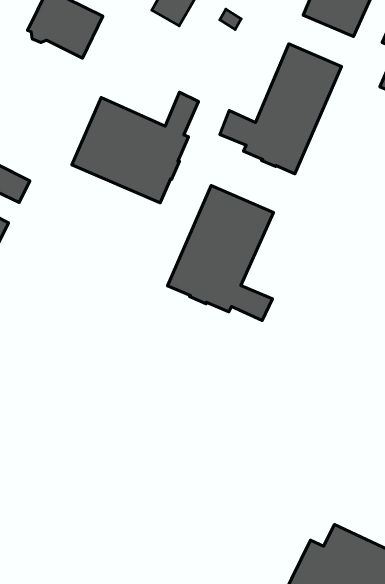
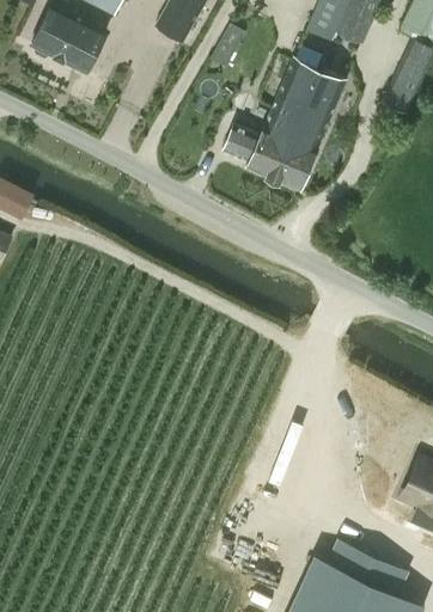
building: [72,92,199,203] -> none
building: [168,185,273,320] -> none

